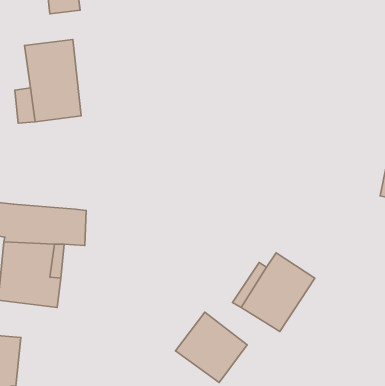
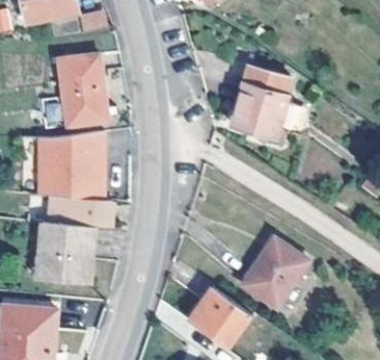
building: none -> [235,70,304,138]
building: none -> [49,131,103,201]

